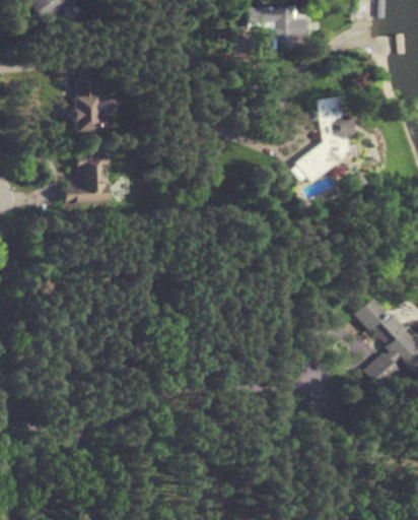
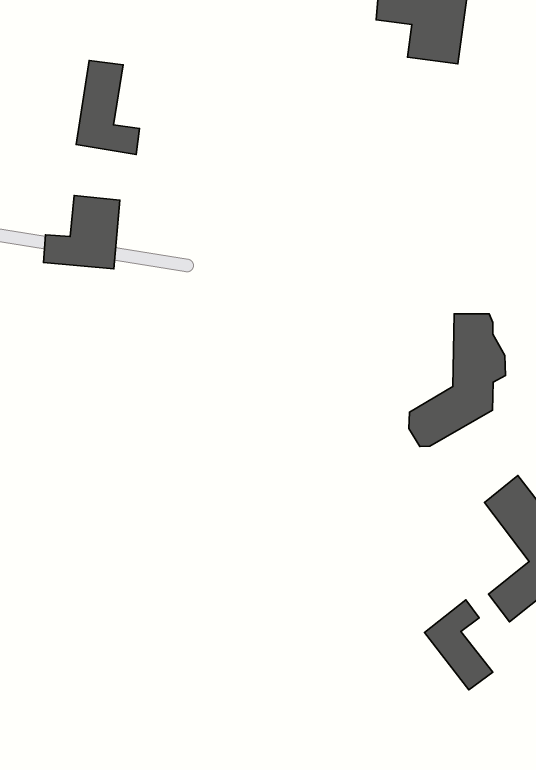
building: [297,95,353,183] -> [409,314,506,447]
building: none -> [425,600,493,690]

